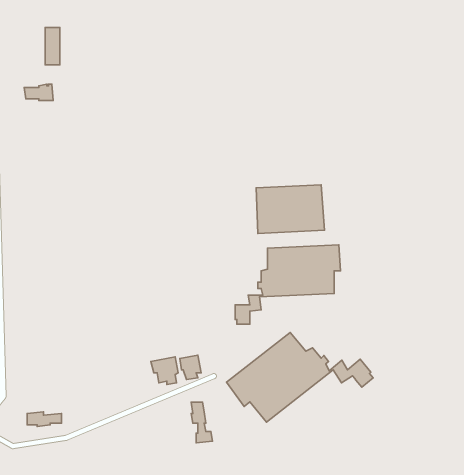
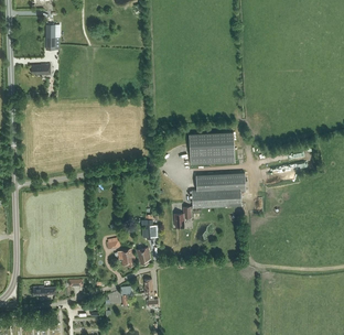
building: [226,332,373,422] -> none

